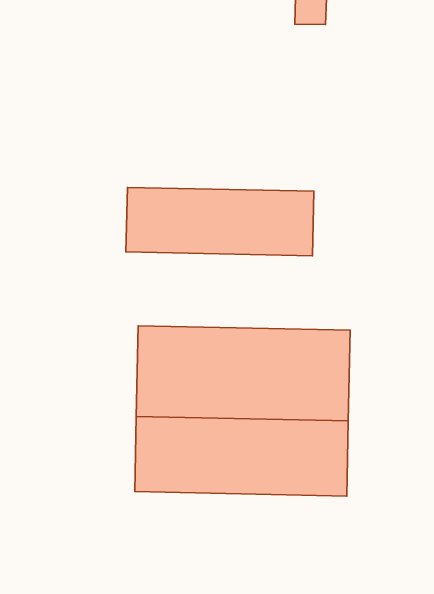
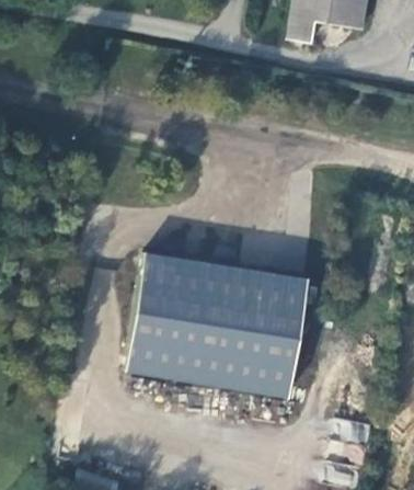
building: [126,187,314,256] -> none

